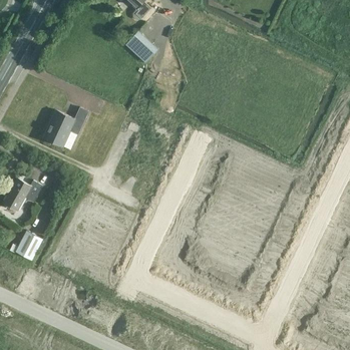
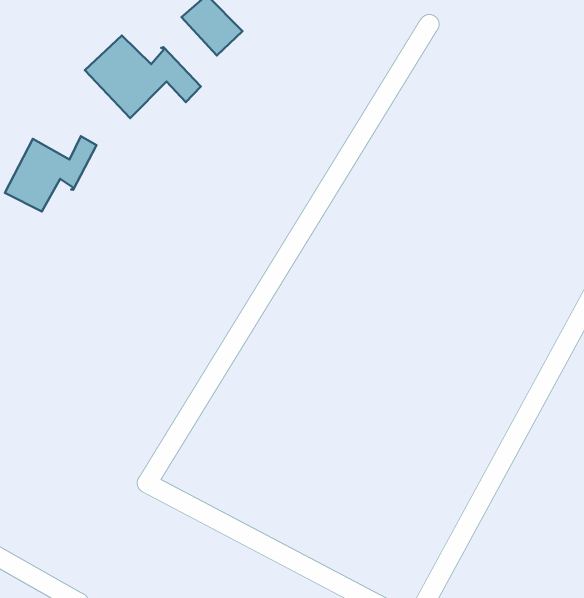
building: none -> [85,36,201,118]

